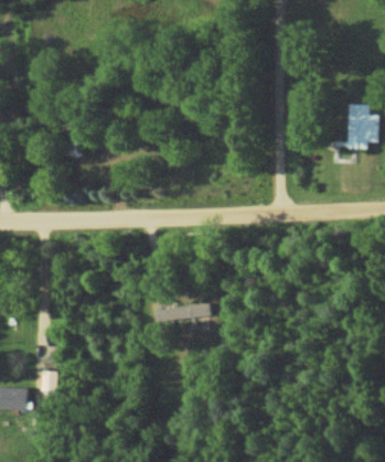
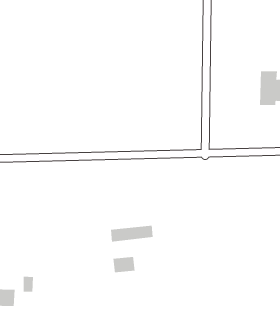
building: none -> [113,256,135,273]

